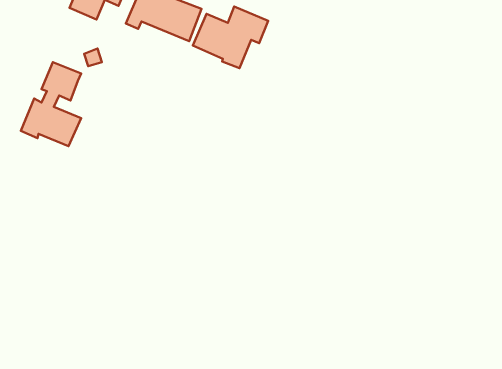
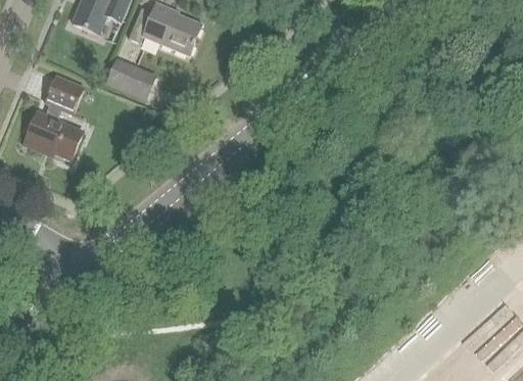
building: [193,7,268,68] -> none
building: none -> [105,56,157,100]

